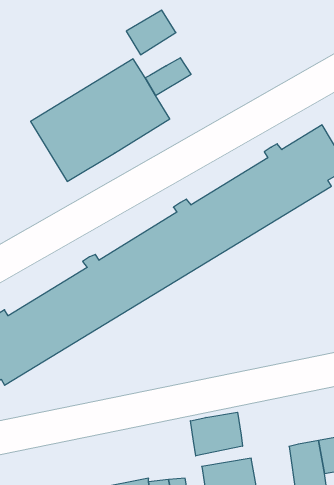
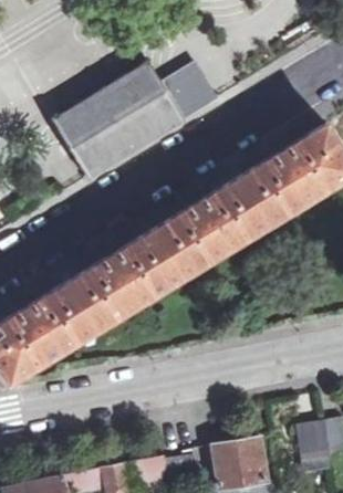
building: [126,10,176,55] -> [169,80,216,122]
building: [190,412,242,456] -> none

